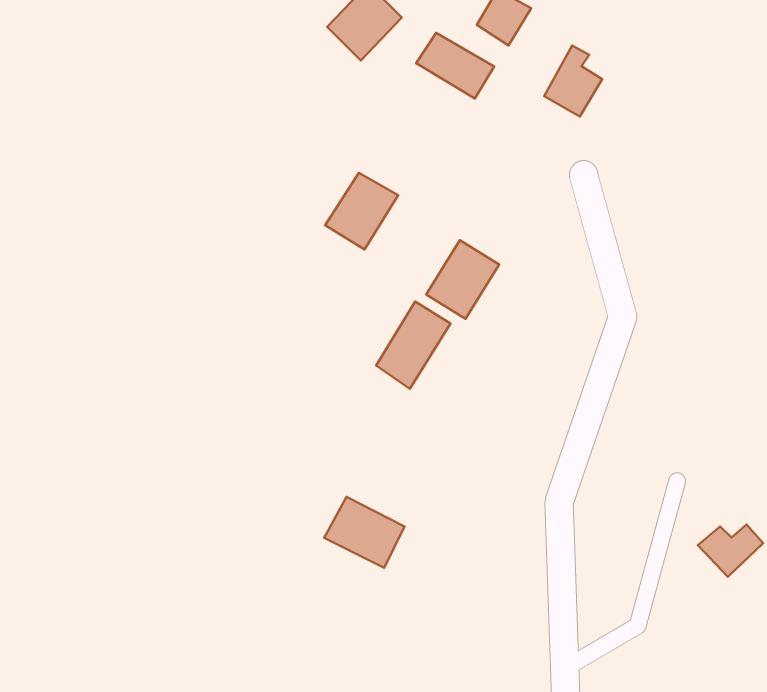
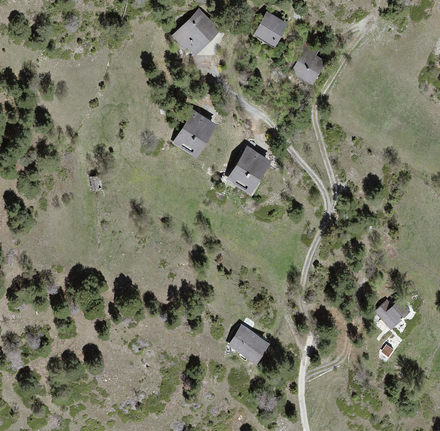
building: [416,33,494,98] -> none
building: [376,301,451,389] -> none
building: [324,497,405,568] -> [230,326,273,364]

